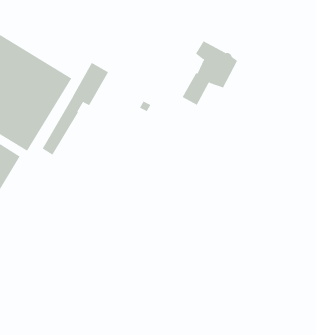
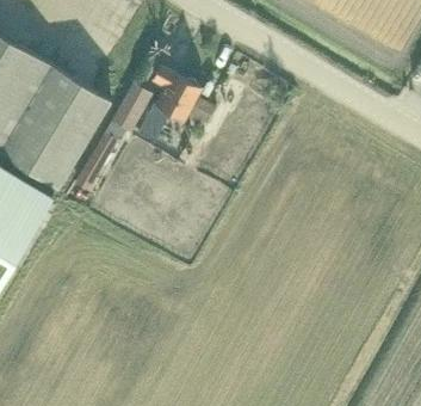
building: [182,40,238,105] -> [136,67,202,143]

